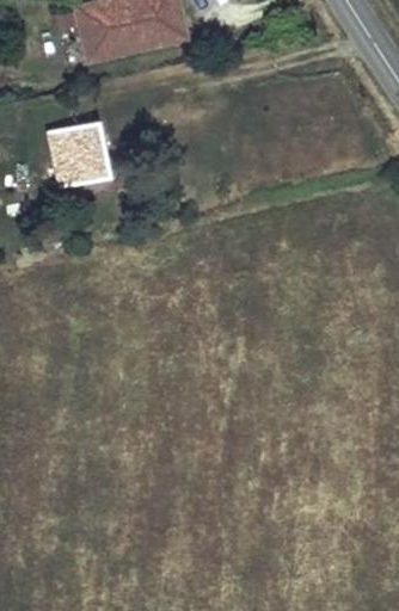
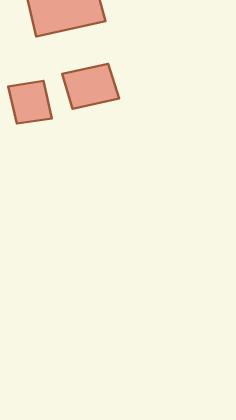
building: none -> [62,64,119,109]

